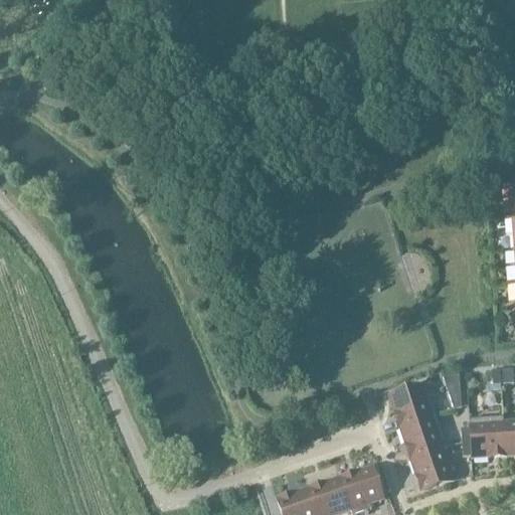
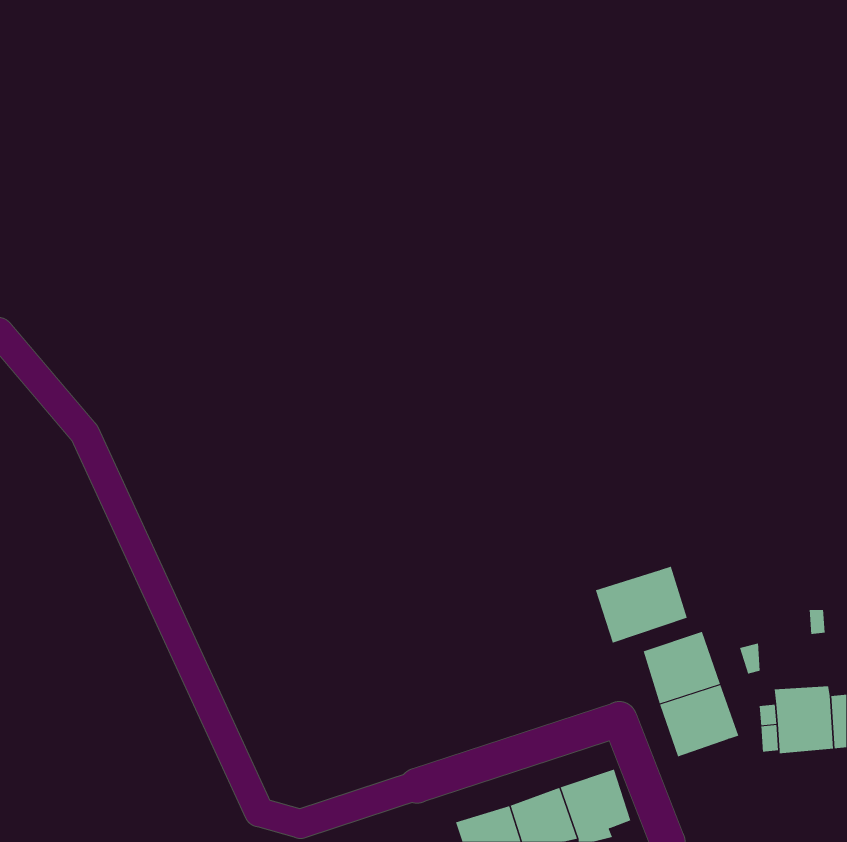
building: none -> [595,566,687,644]
building: [410,448,455,490] -> none

